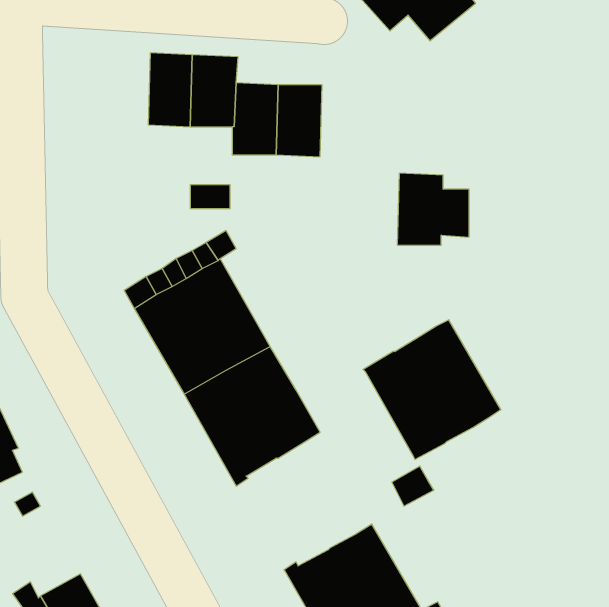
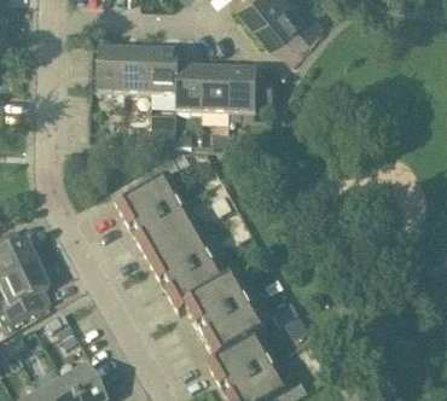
building: none -> [91,50,127,99]
building: [397,173,469,245] -> [230,69,273,112]
building: [363,320,501,459] -> [185,275,268,360]

